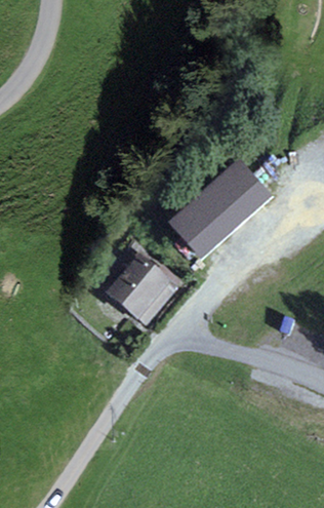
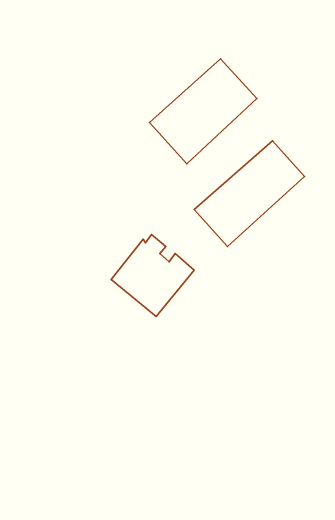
building: none -> [150,59,257,164]

